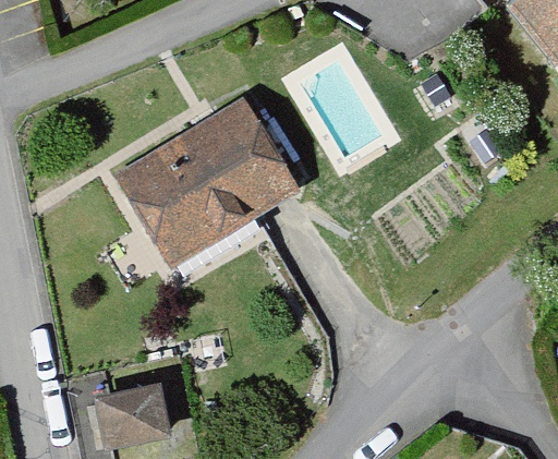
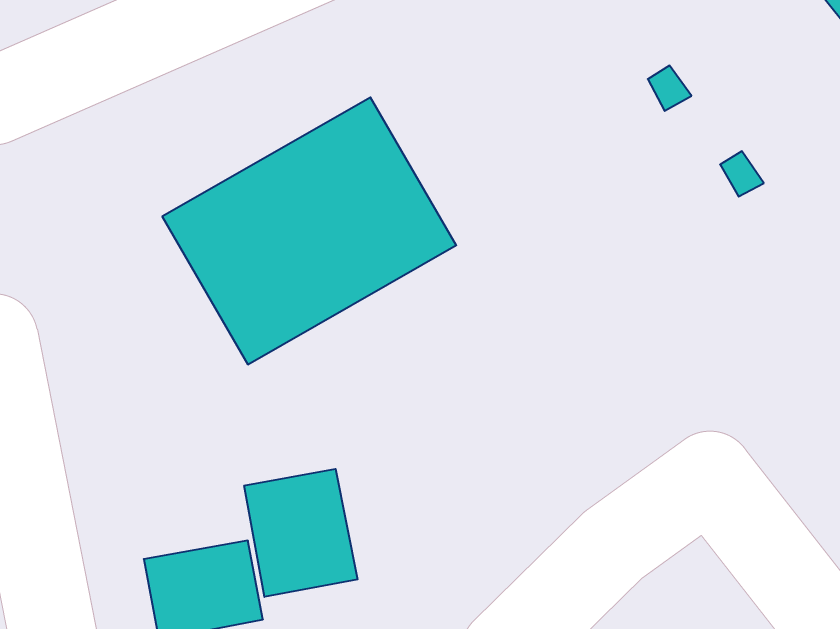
building: none -> [244,469,358,597]

